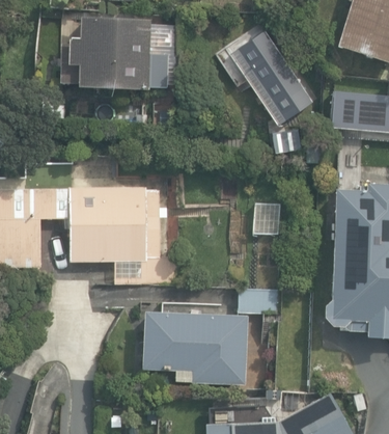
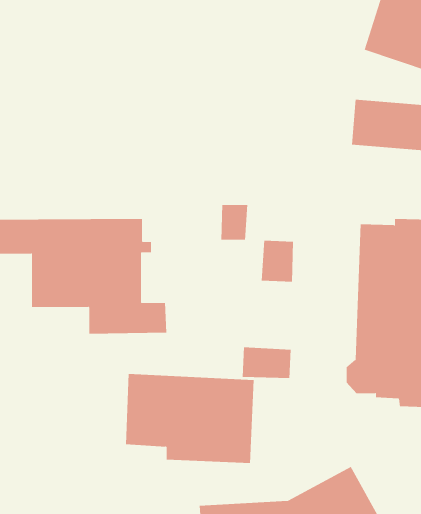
building: [62,18,169,90] -> none
building: [229,32,312,112] -> none

